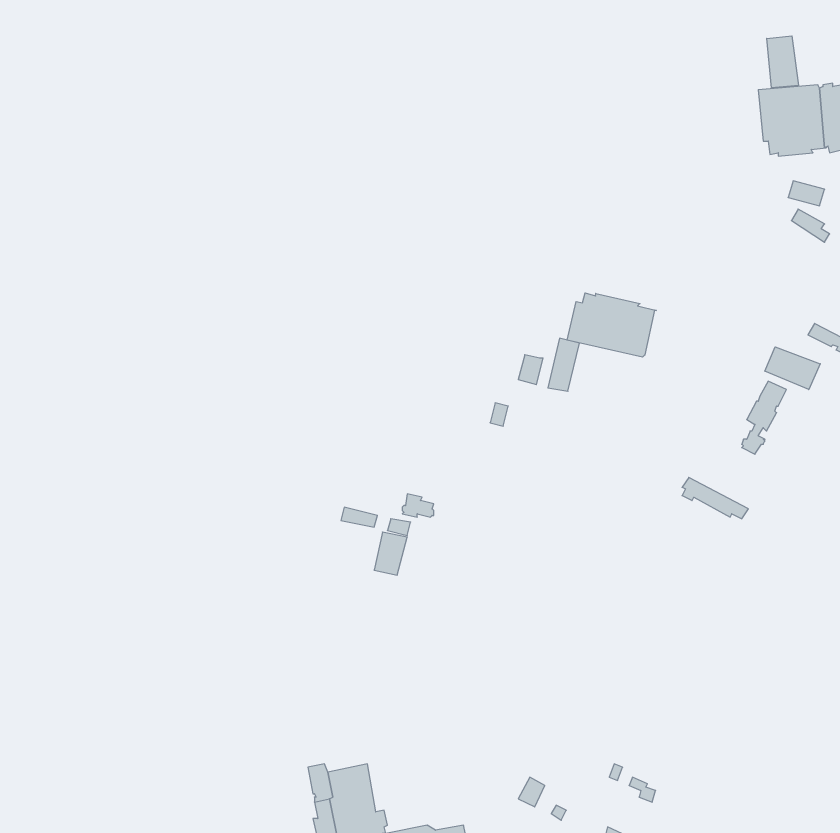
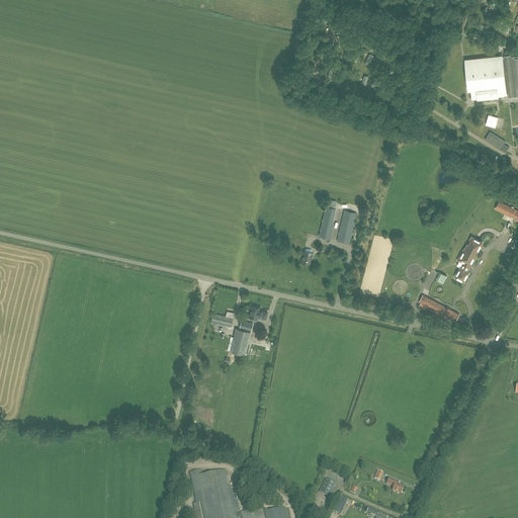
building: [767,36,798,88] -> none
building: [567,293,656,357] -> none
building: [765,347,820,390] -> none

